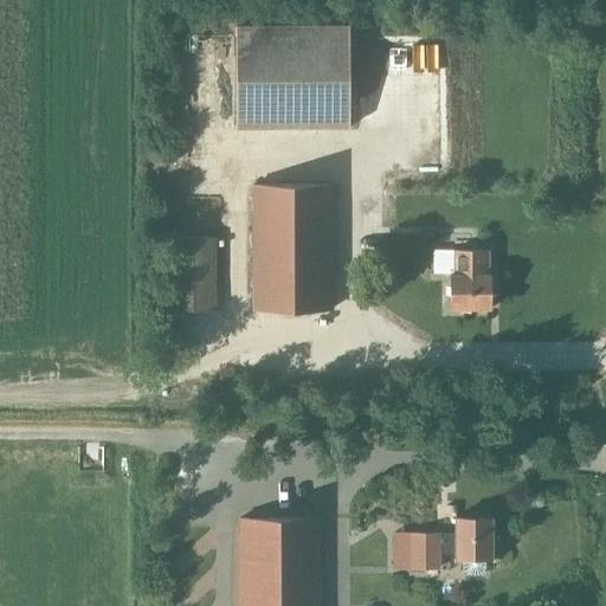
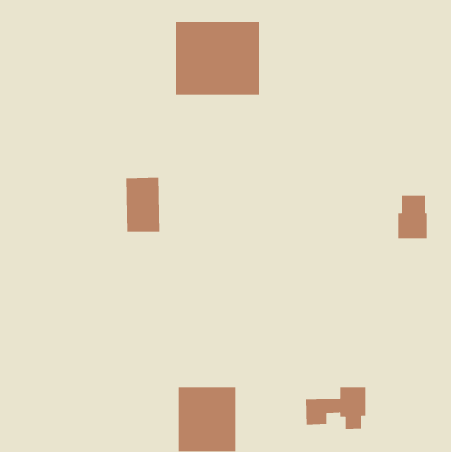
building: [253,185,331,309] -> none
building: [450,250,490,309] -> [398,195,428,239]

